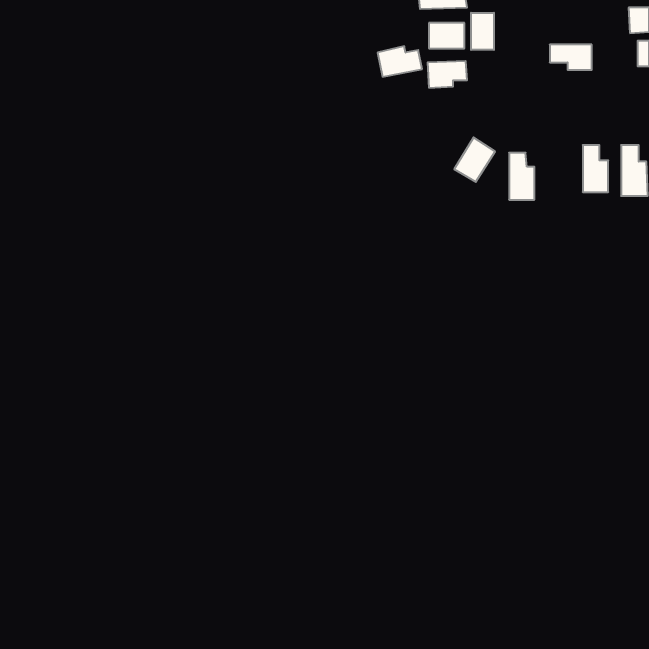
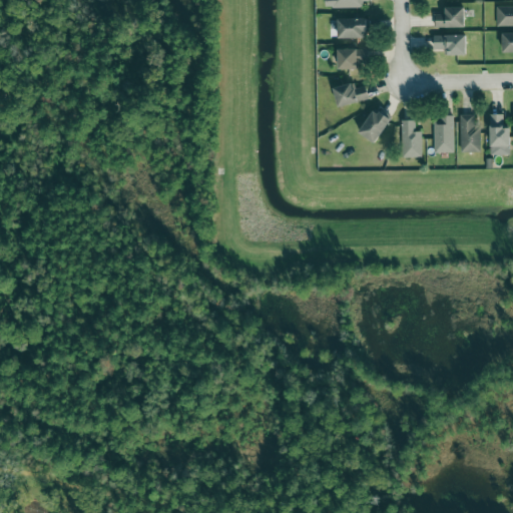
building: none -> [434,7,464,28]
building: [471,13,494,50] -> none
building: [378,46,422,77] -> [333,82,368,106]
building: none -> [432,117,453,153]

